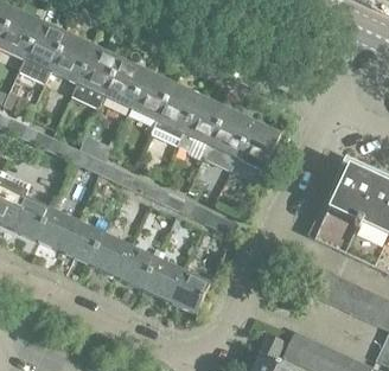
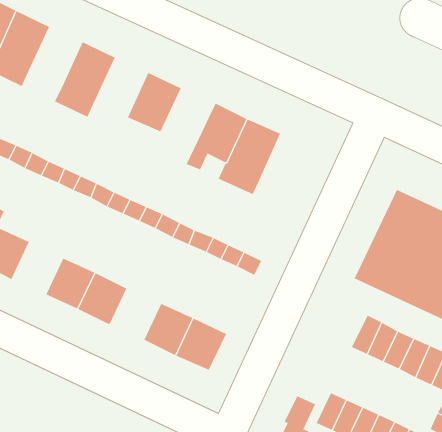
building: [50,33,93,82] -> none
building: [103,58,146,107] -> none
building: [151,83,200,145] -> none
building: [237,120,280,168] -> none
building: [36,207,77,250] -> none
building: [115,245,157,287] -> none

